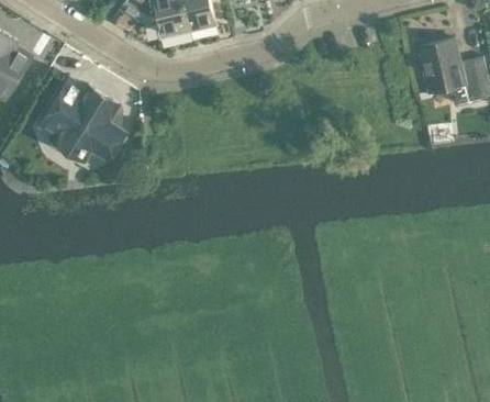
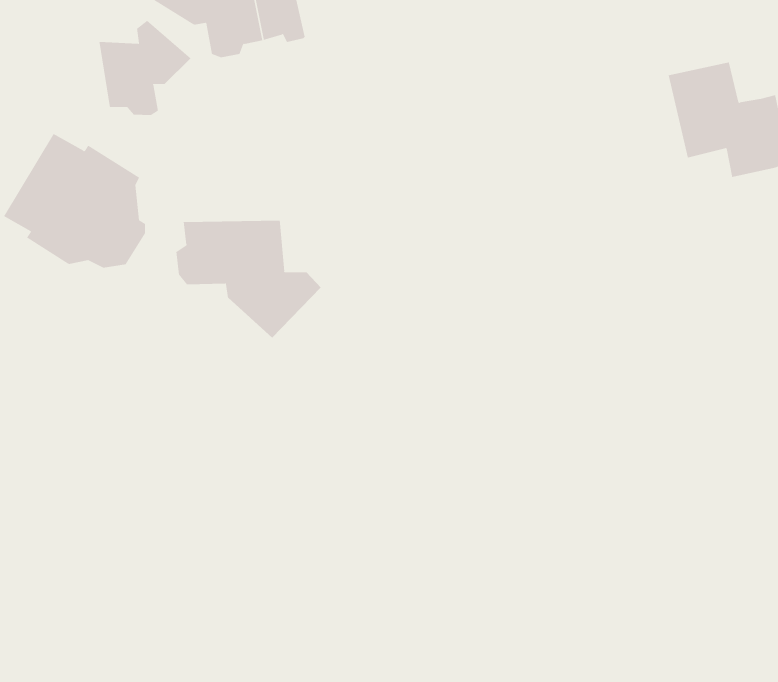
building: none -> [99,20,191,116]
building: none -> [176,220,322,339]

